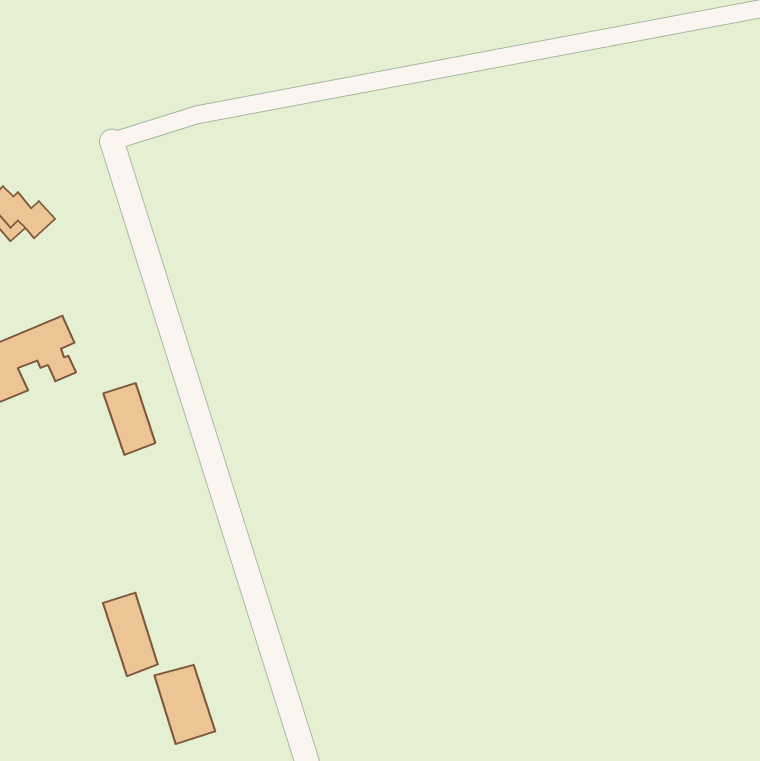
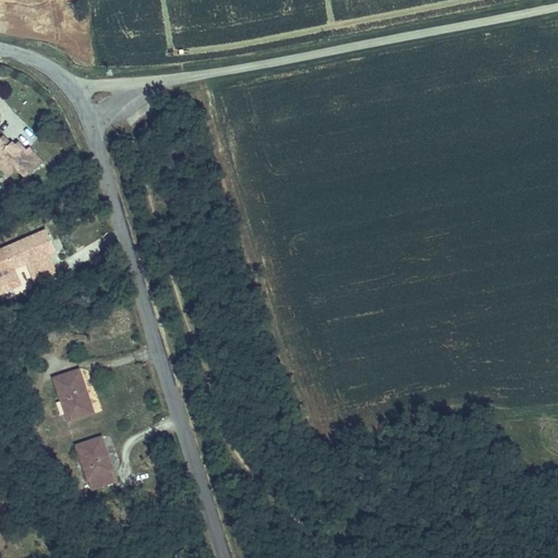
building: [103,383,155,455] -> [52,367,90,420]
building: [155,665,215,744] -> none

